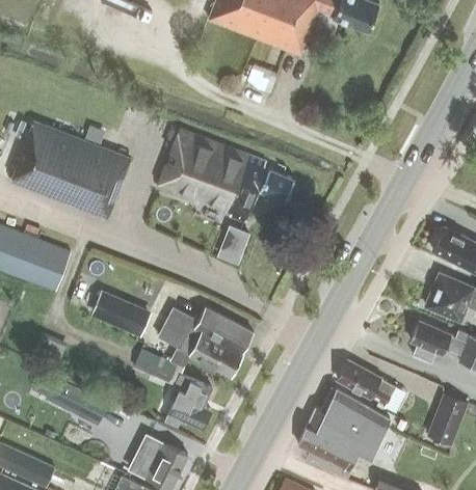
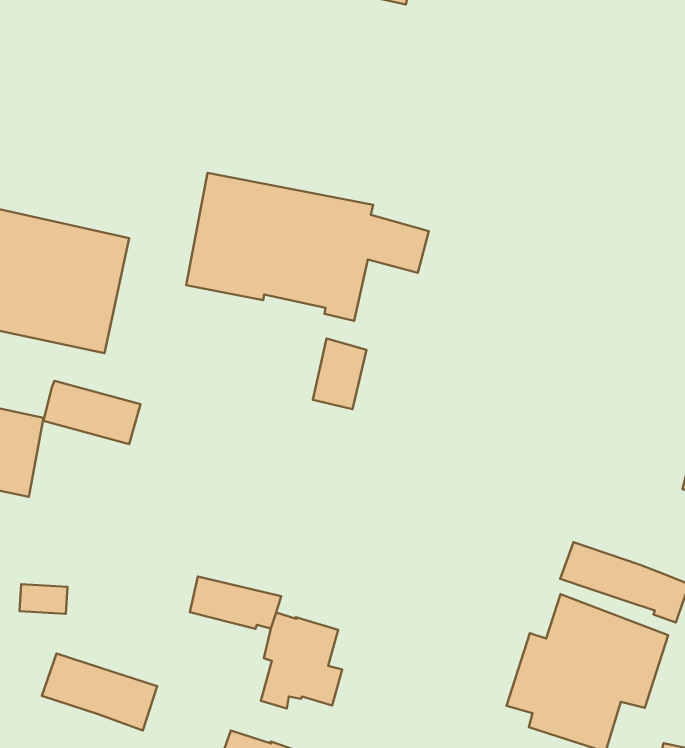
building: [94,292,148,332] -> [43,381,140,444]
building: [159,306,253,376] -> none

